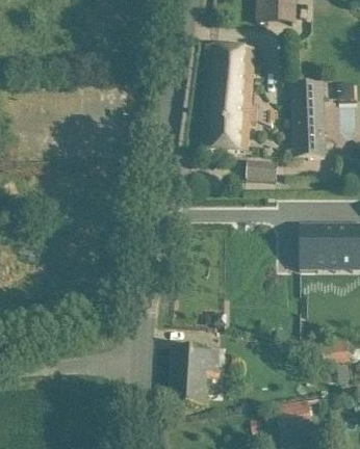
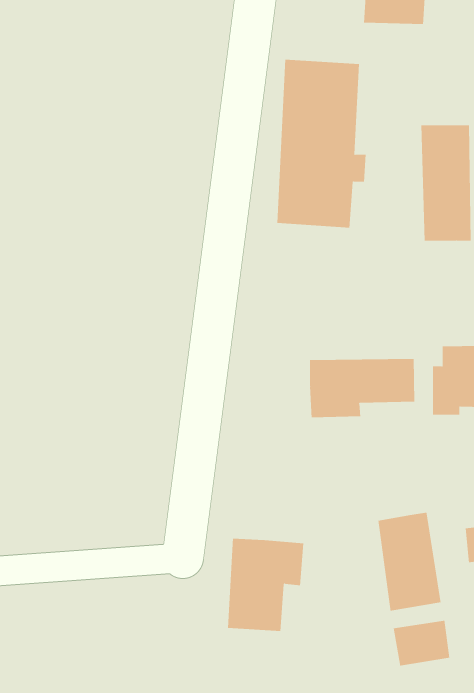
building: [247,162,279,181] -> none
building: none -> [310,358,415,418]
building: none -> [378,512,441,611]

